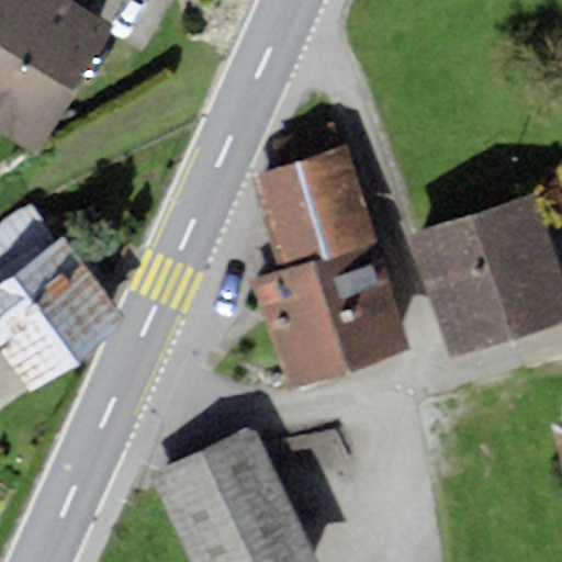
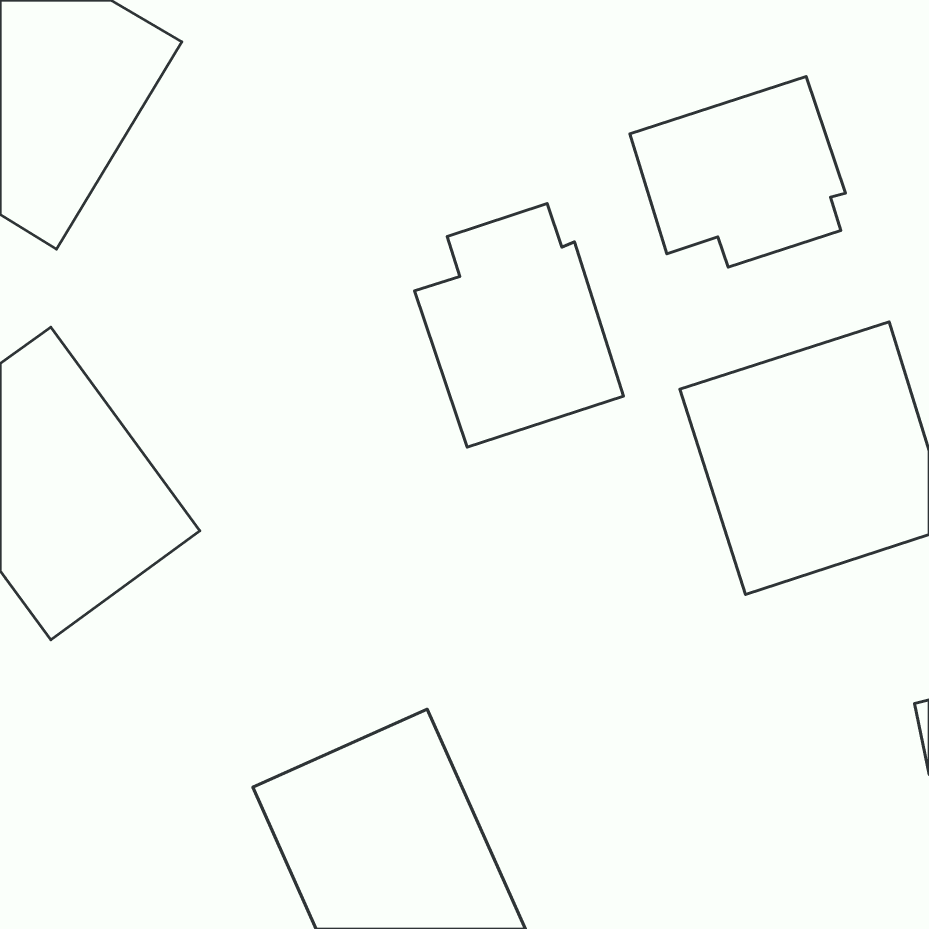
building: none -> [630,76,846,267]
building: [254,243,415,392] -> none

